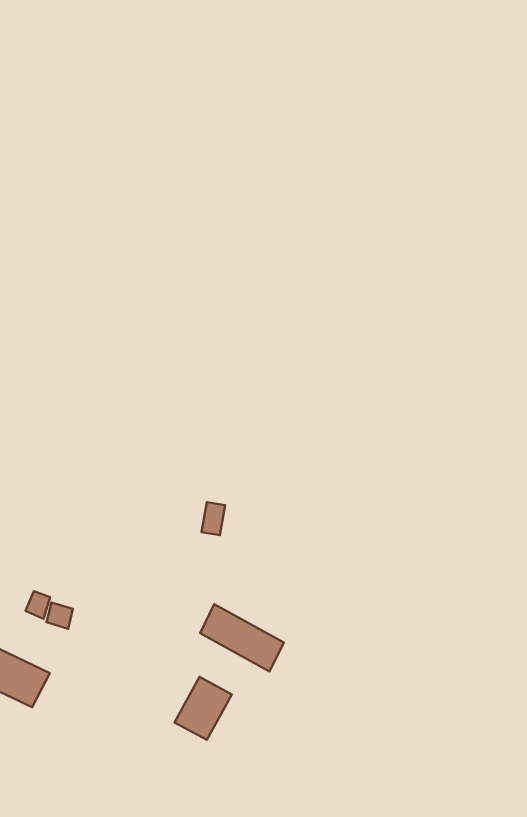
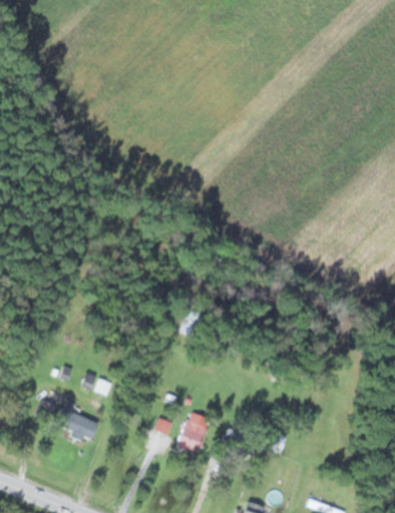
building: [200,604,284,671] -> none

